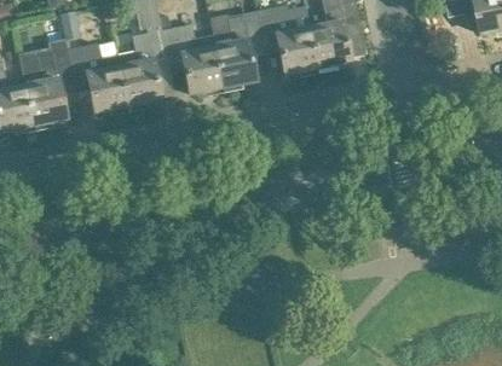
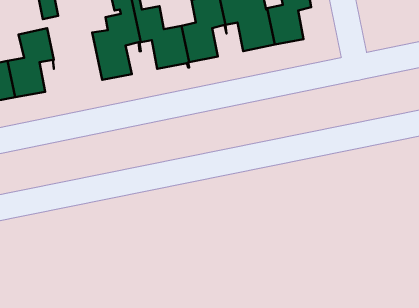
building: [68,43,128,112] -> none

